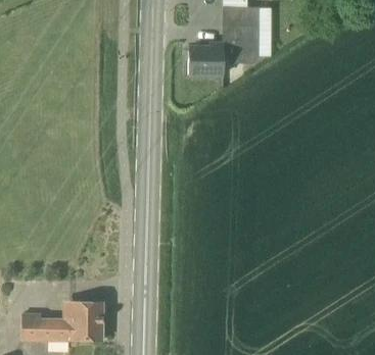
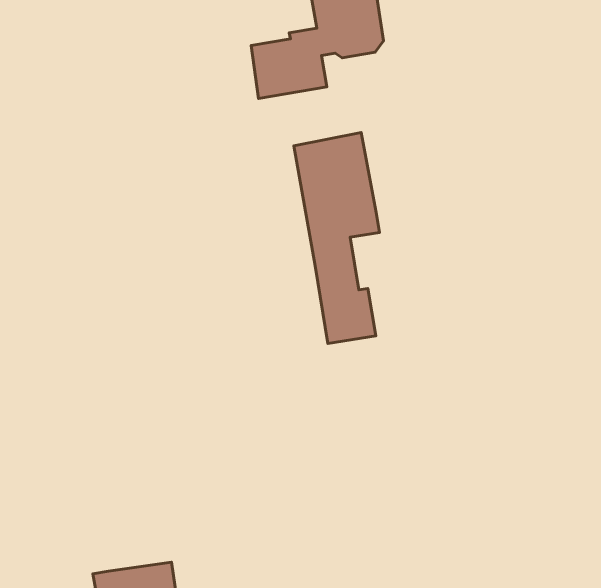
building: none -> [294,133,379,343]

